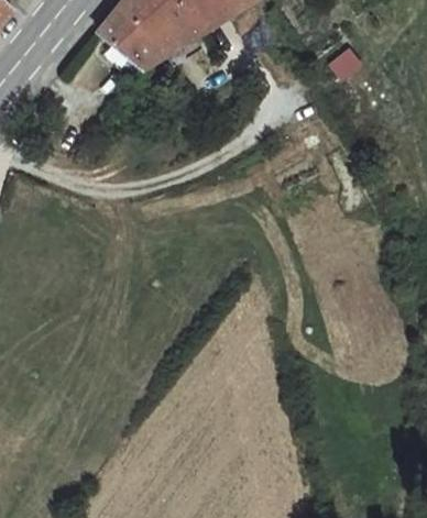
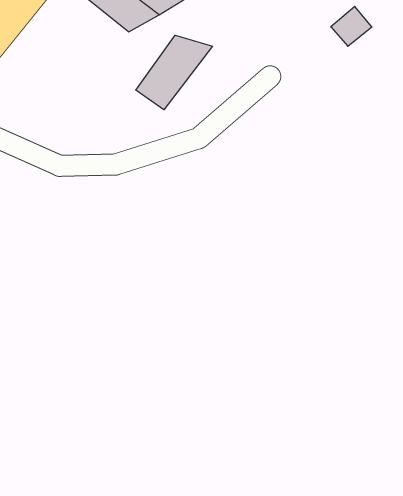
building: none -> [136,35,213,110]

